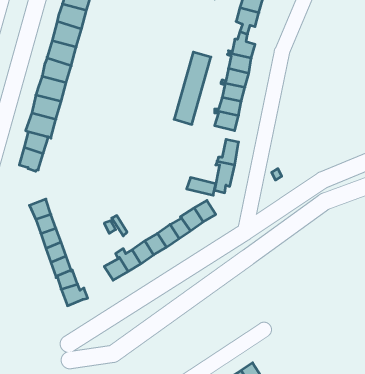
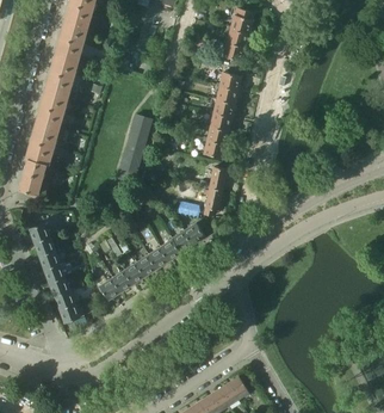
building: [174,52,211,124] -> [118,115,153,183]

